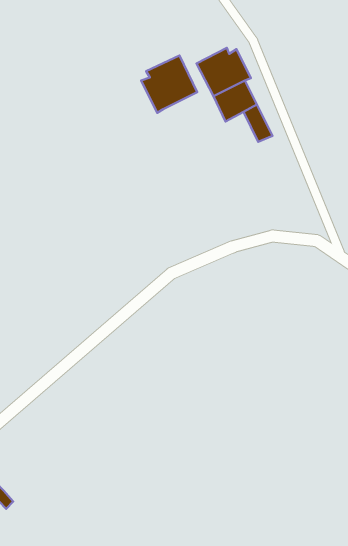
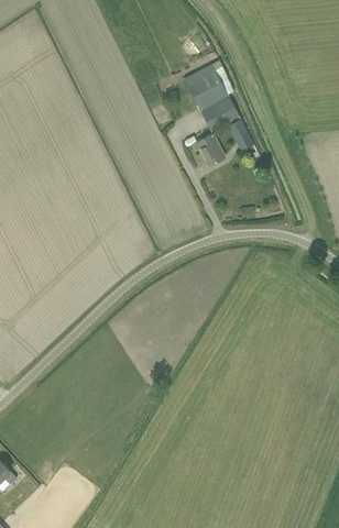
building: [141,55,197,113] -> none
building: none -> [185,134,226,167]

